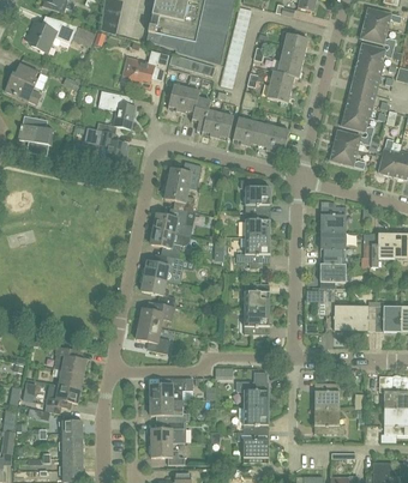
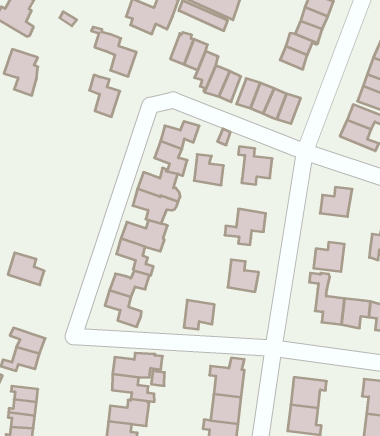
building: [245,211,270,236] -> [194,154,224,185]
building: [319,230,344,255] -> none
building: [244,307,269,332] -> [184,300,214,329]
building: [54,346,86,373] -> [8,253,44,285]

